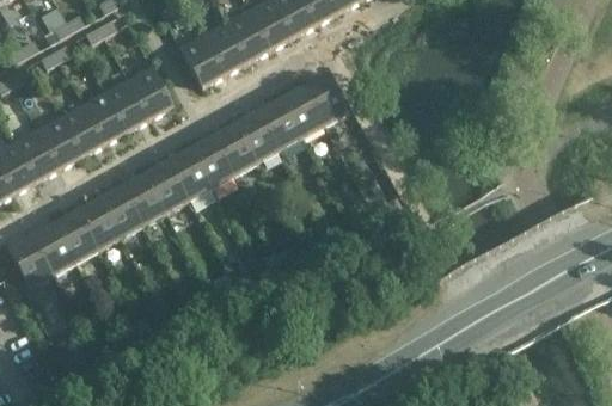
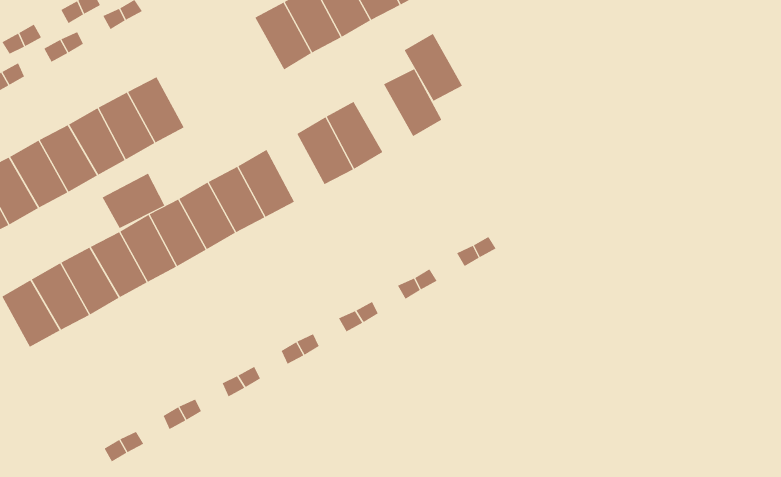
building: [179,33,226,86] -> none
building: [128,66,173,118] -> none
building: [280,85,325,137] -> [404,33,463,101]
building: [213,123,257,176] -> none
building: none -> [102,173,165,229]

